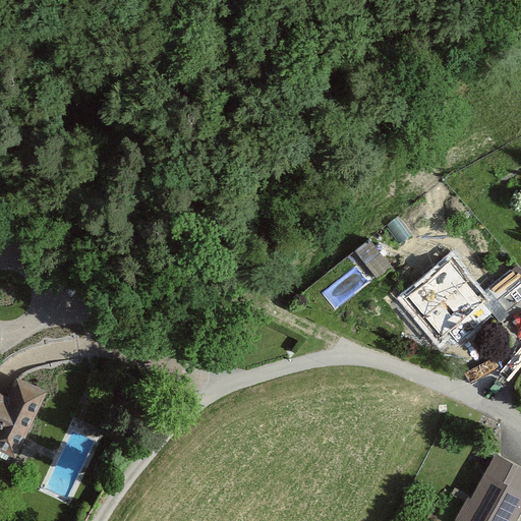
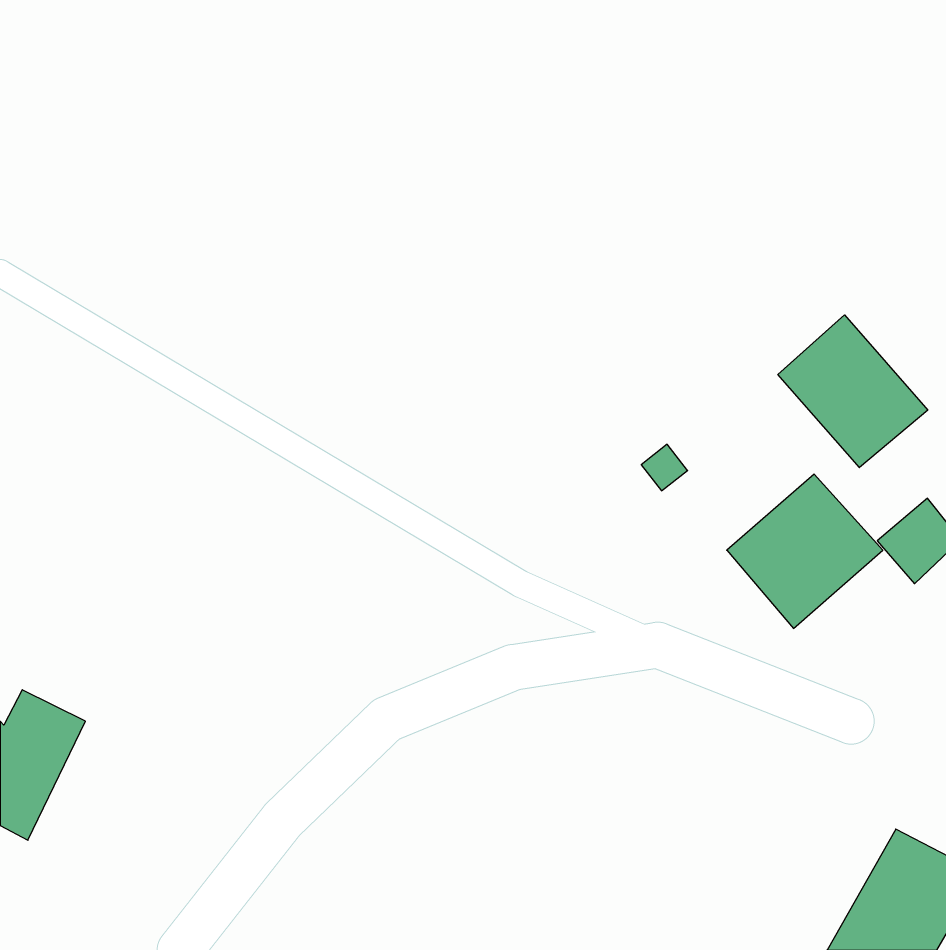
building: none -> [778,315,928,468]

